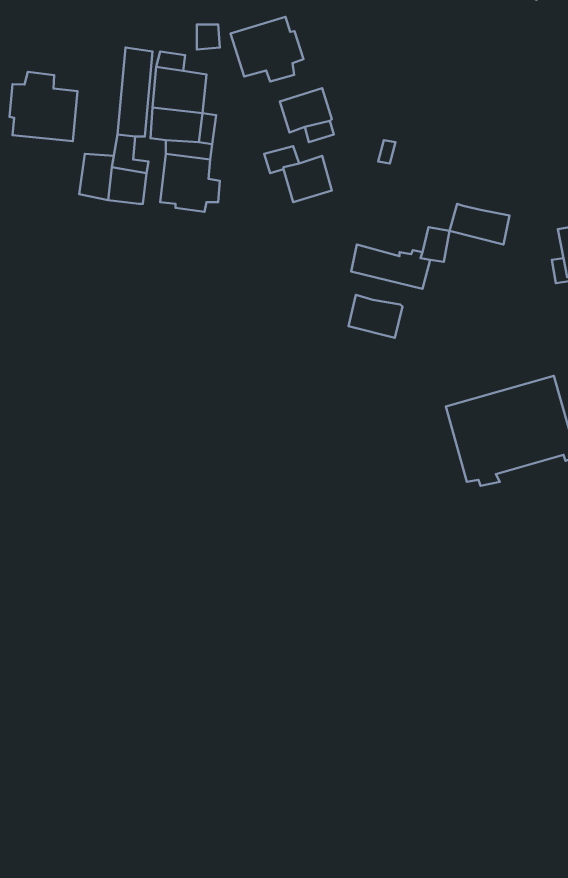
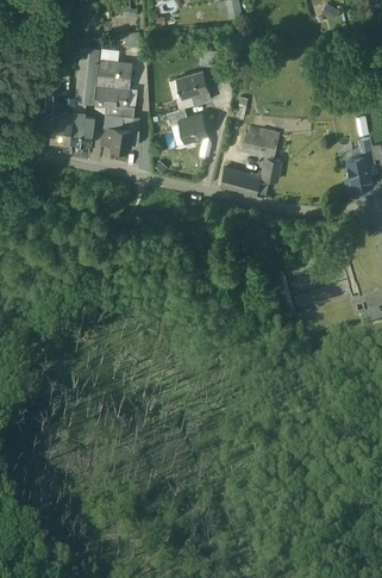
building: [231,17,303,82] -> none
building: [10,72,77,141] -> none
building: [450,204,509,244] -> [240,132,277,157]
building: [348,295,402,338] -> none

